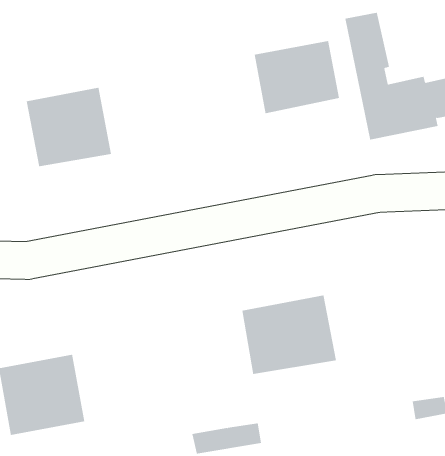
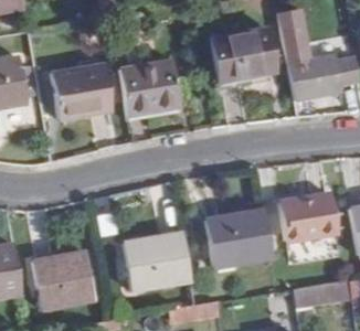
building: none -> [118,60,180,116]
building: none -> [278,193,338,242]
building: none -> [123,233,190,289]

